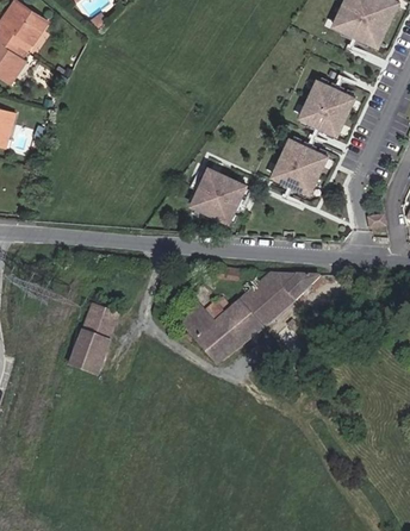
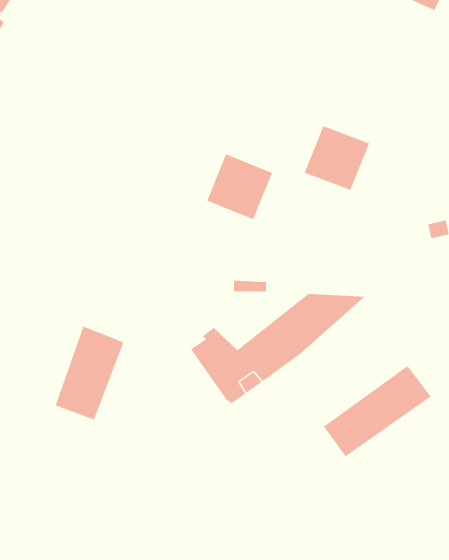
building: [299,80,353,133] -> none
building: none -> [323,365,431,457]

